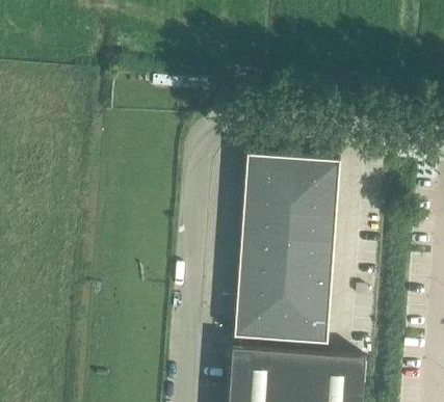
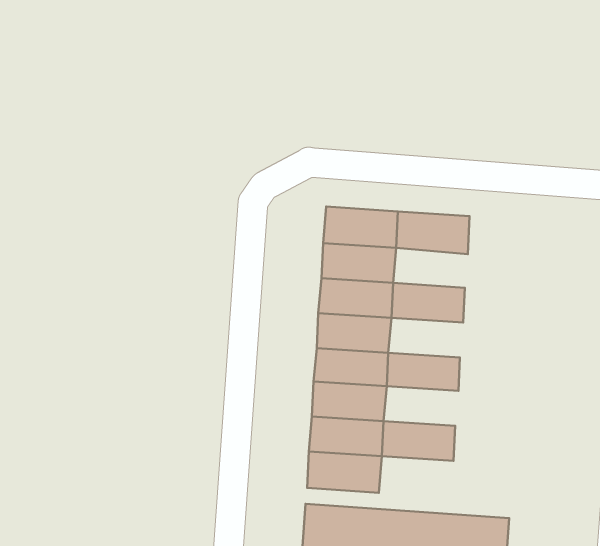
building: [290,181,339,207] -> none
building: [287,226,336,252] -> none
building: [284,271,333,297] -> none
building: [281,317,330,344] -> none

